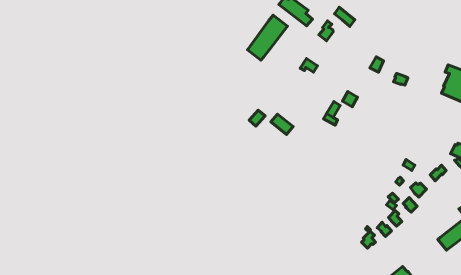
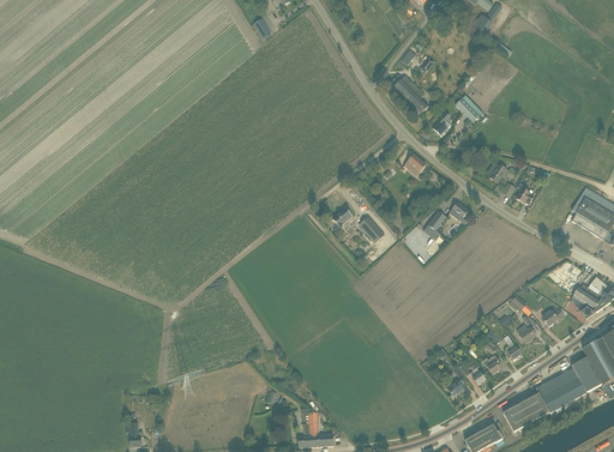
building: [248,15,288,60] -> none
building: none -> [504,392,549,432]

